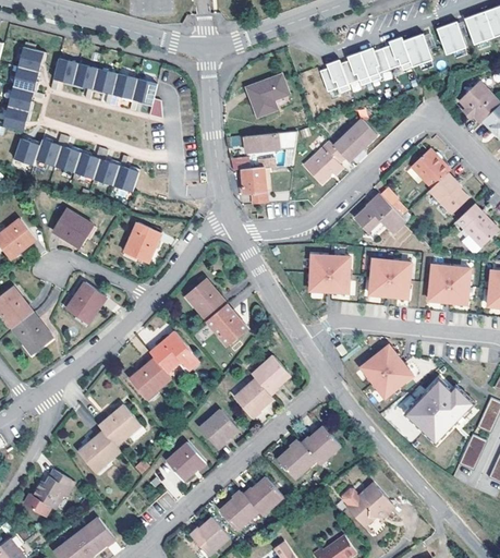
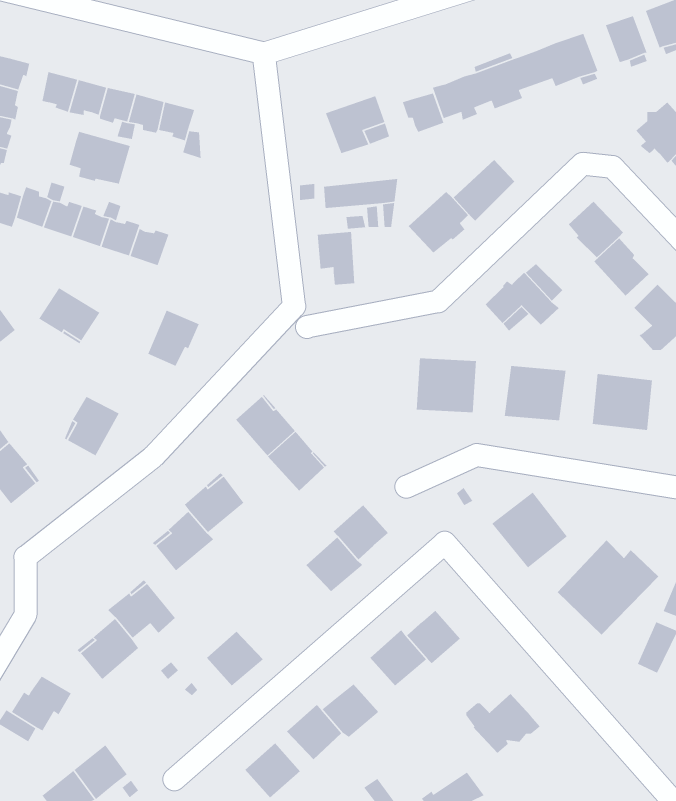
building: none -> [402,92,445,133]
building: none -> [69,131,131,184]
building: [199,409,236,446] -> none

